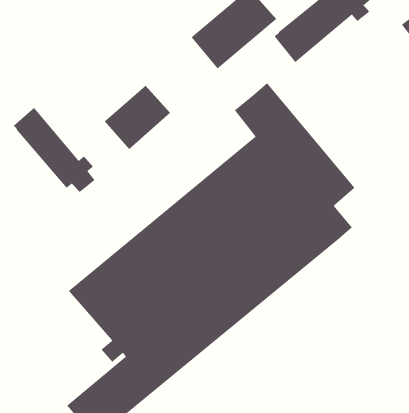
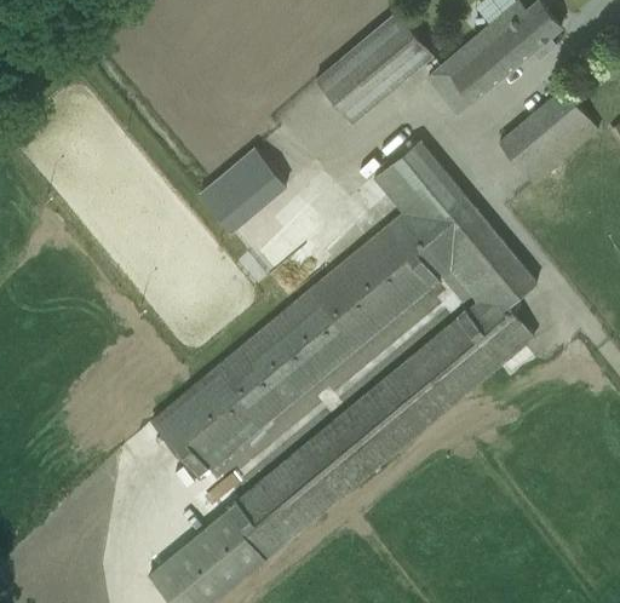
building: none -> [498,90,597,185]
building: [13,107,96,193] -> none

